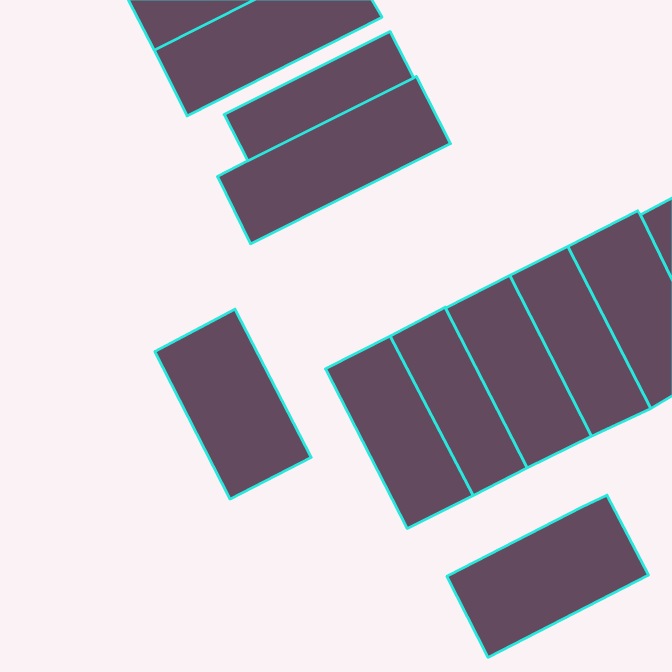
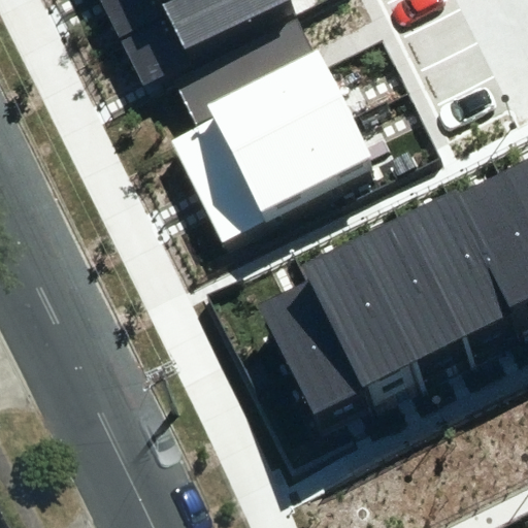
building: none -> [197,112,380,241]
building: [155,309,311,499] -> none
building: [447,495,648,657] -> none

